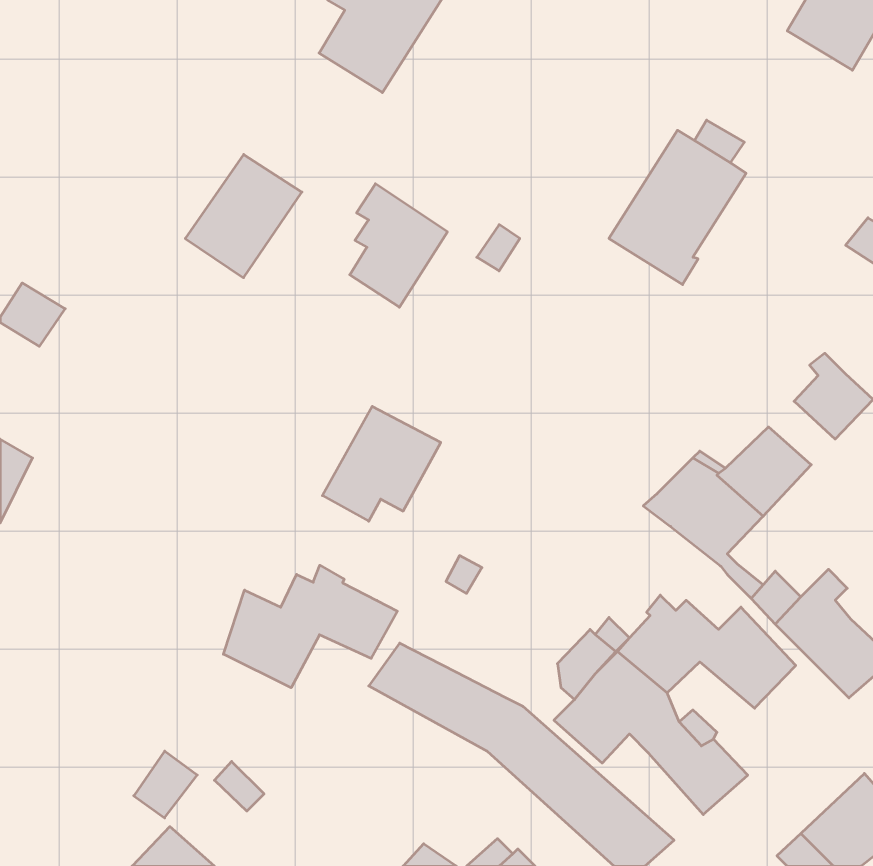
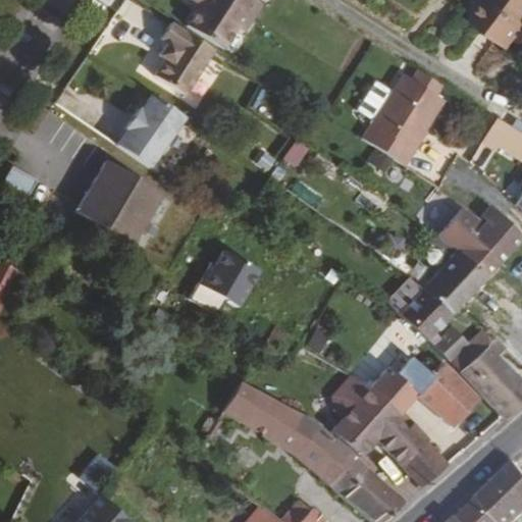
building: [350,184,447,307] -> [157,25,215,99]
building: none -> [81,165,167,251]
building: none -> [440,211,499,276]
building: [223,565,397,688] -> none

